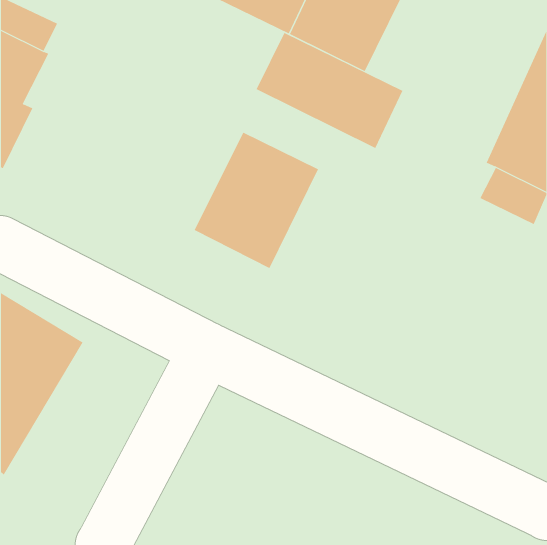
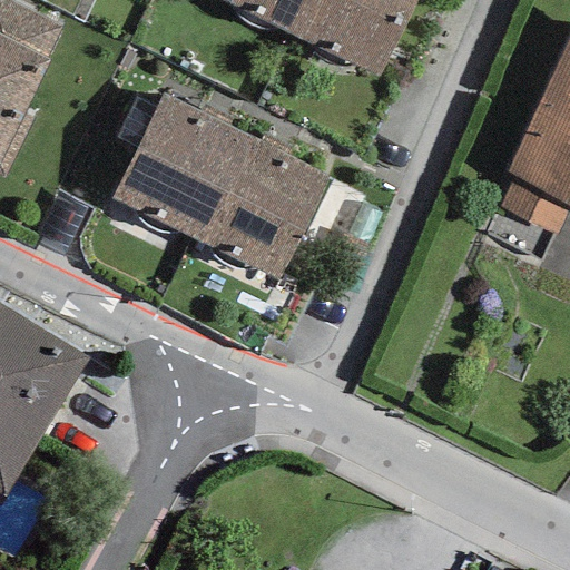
building: [256,32,403,149] -> none
building: none -> [110,91,253,239]

